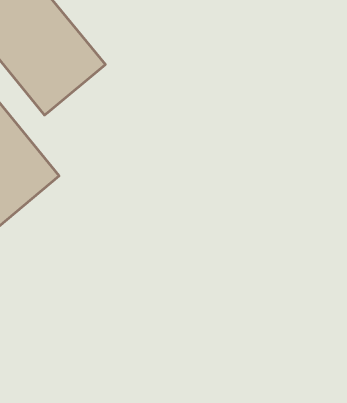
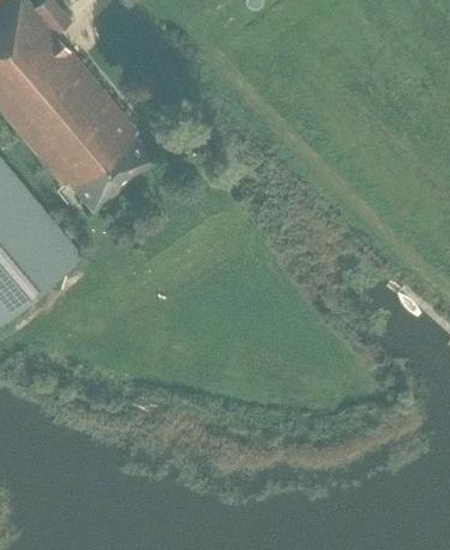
building: none -> [69,127,155,210]

